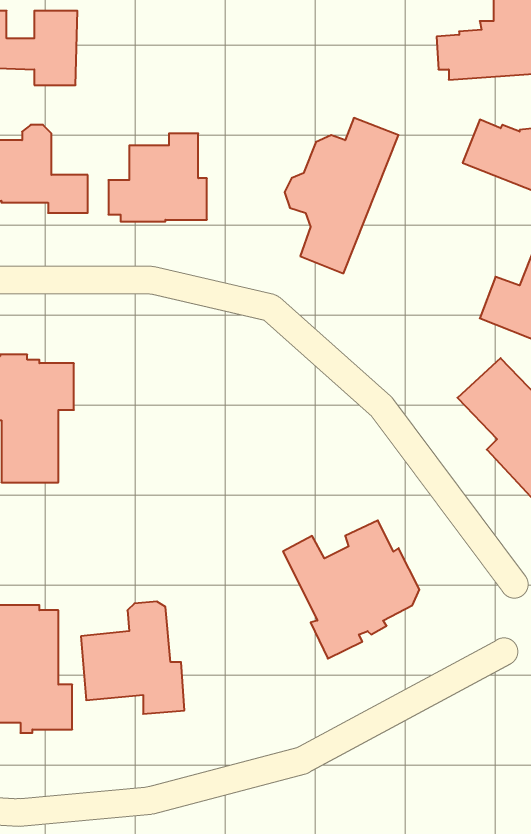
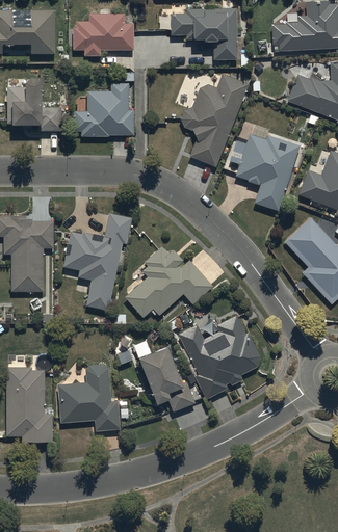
building: none -> [170,8,237,60]
building: none -> [73,14,133,56]
building: none -> [235,135,300,211]
building: none -> [61,214,131,311]
building: none -> [124,246,212,318]
building: none -> [136,347,194,413]

